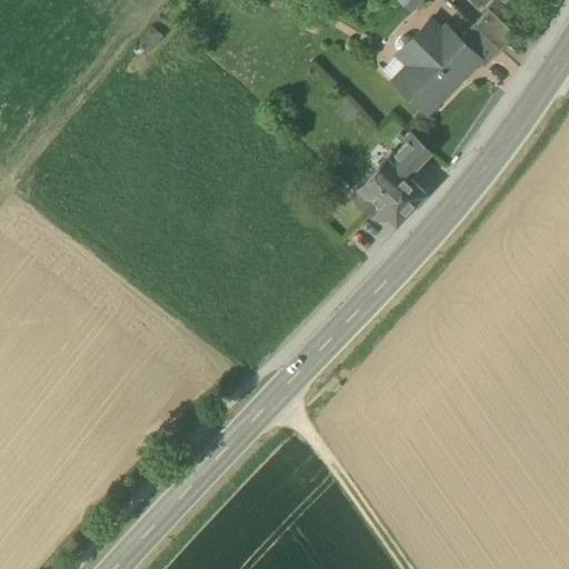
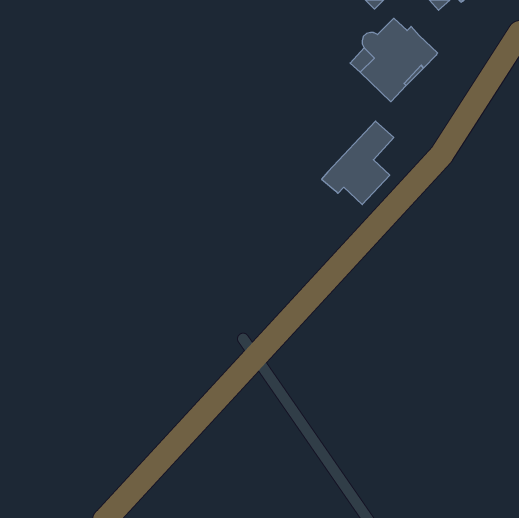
building: [459,11,516,68] -> none

